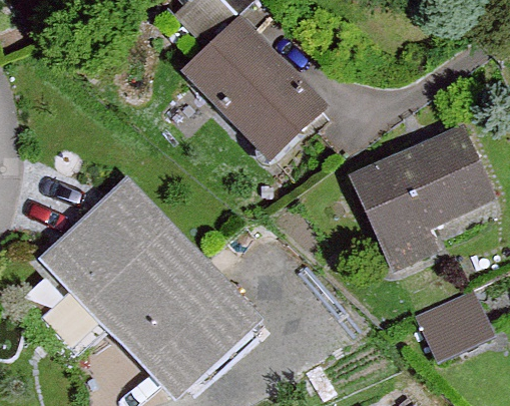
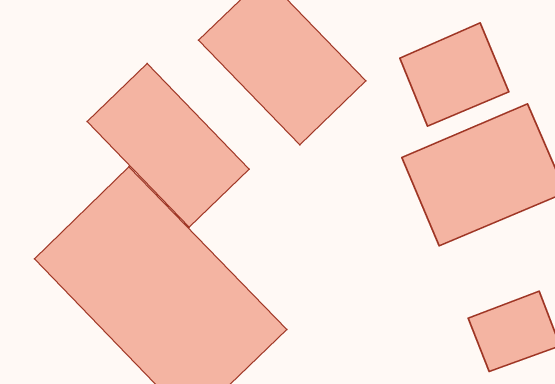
building: none -> [400,23,509,126]
building: none -> [87,64,249,227]

